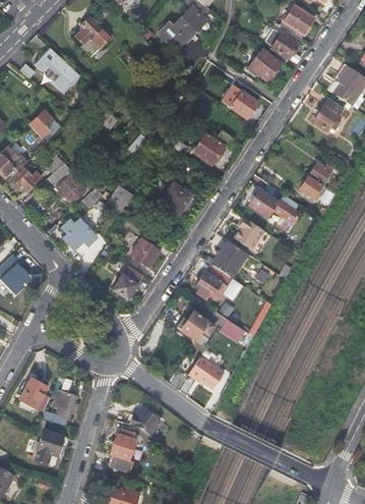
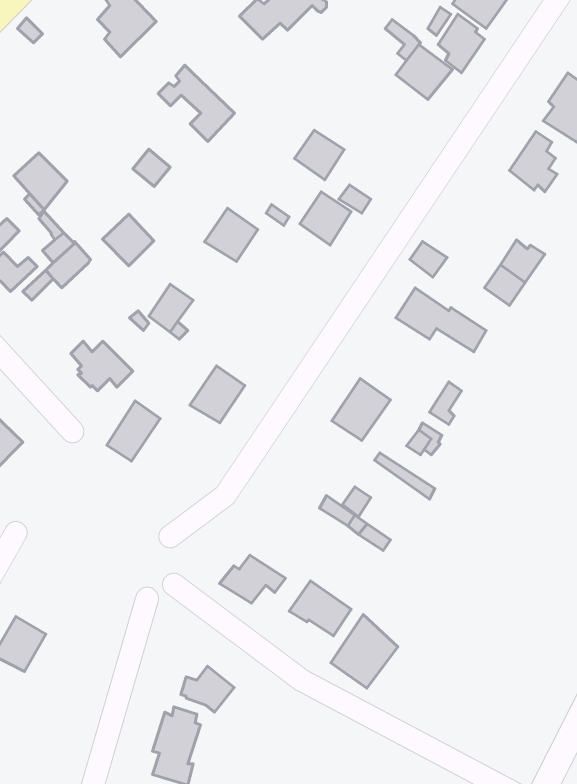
building: [35,47,78,91] -> [158,65,235,141]
building: [230,90,258,118] -> [295,130,344,180]
building: [57,174,86,204] -> [102,214,154,266]
building: [160,184,190,215] -> [205,208,258,262]
building: [234,217,264,249] -> none
building: [112,265,142,299] -> [107,401,160,461]
building: [195,271,221,299] -> none
building: [177,314,215,341] -> [220,555,285,603]
building: none -> [331,615,398,688]
building: [41,390,78,426] -> none
building: [34,430,67,465] -> none

